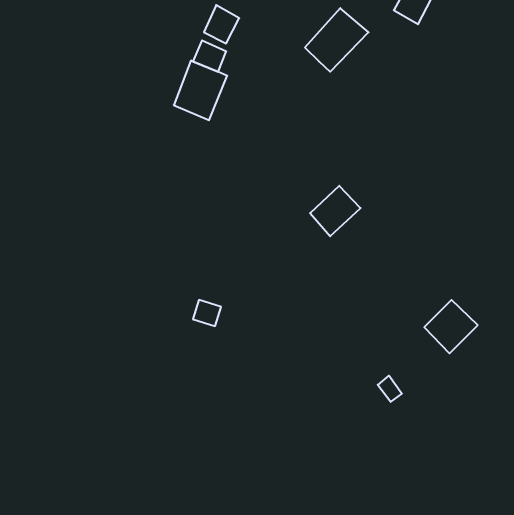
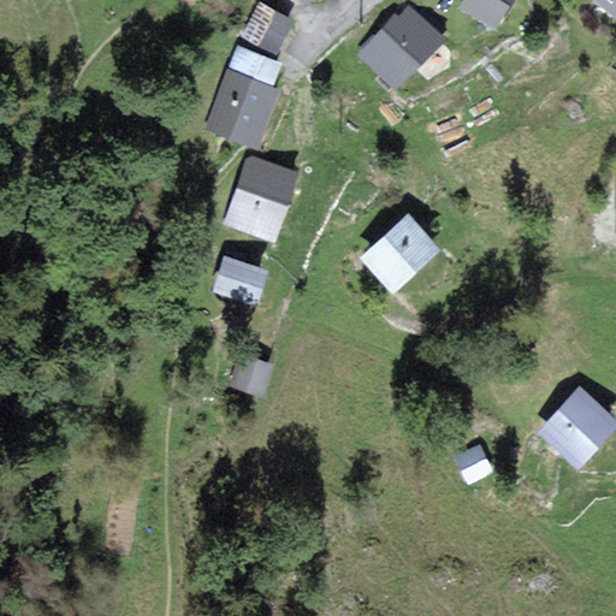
building: none -> [226,159,295,238]
building: none -> [218,248,261,297]
building: [424,300,478,353] -> [546,396,610,460]

